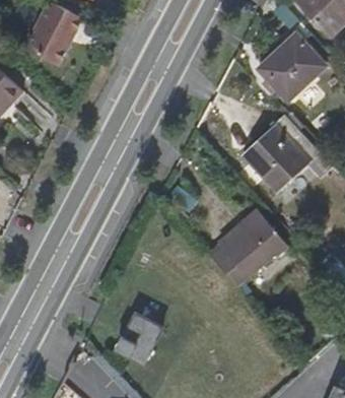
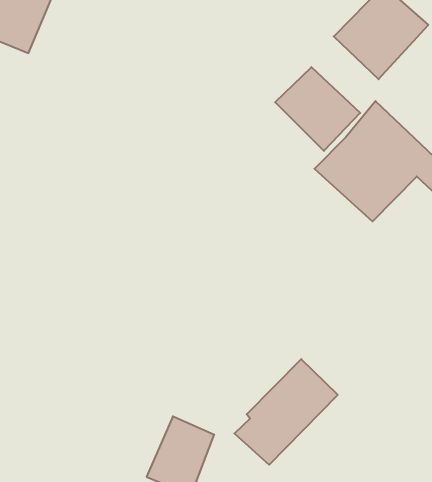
building: none -> [275,67,360,151]
building: [215,219,285,287] -> [234,359,338,465]

